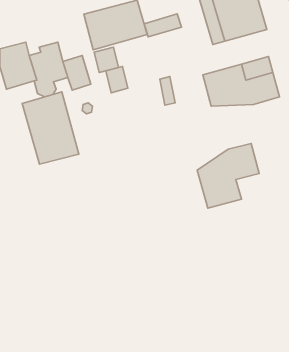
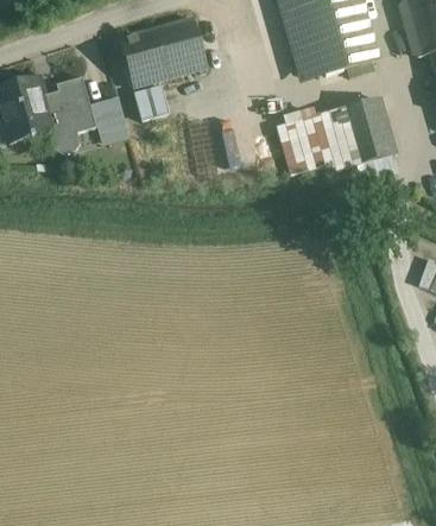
building: [144,14,182,37] -> none
building: [106,66,128,93] -> none
building: [22,92,79,164] -> none
building: [197,143,259,208] -> none

